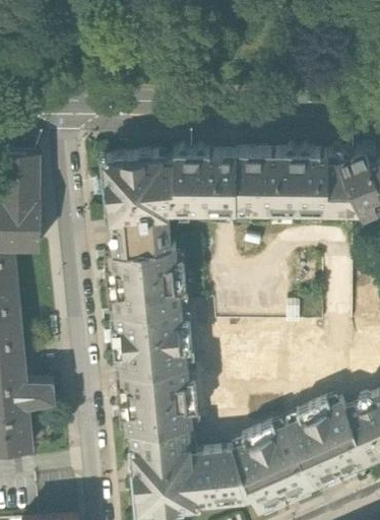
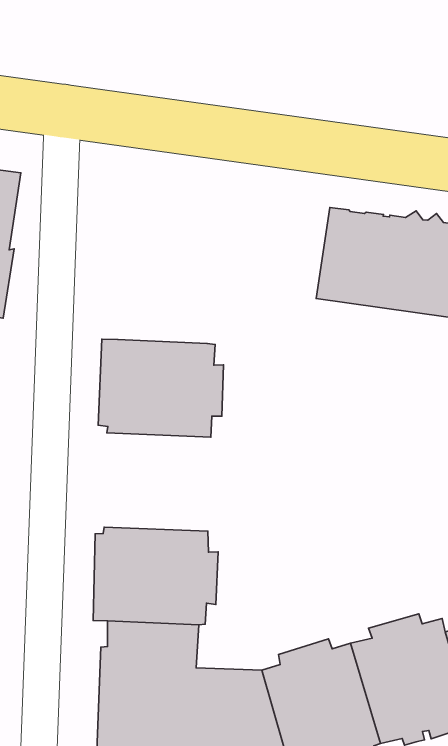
building: [97,144,238,252] -> none
building: [111,306,193,372] -> none

